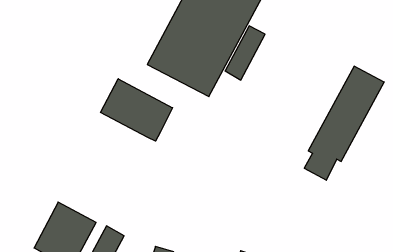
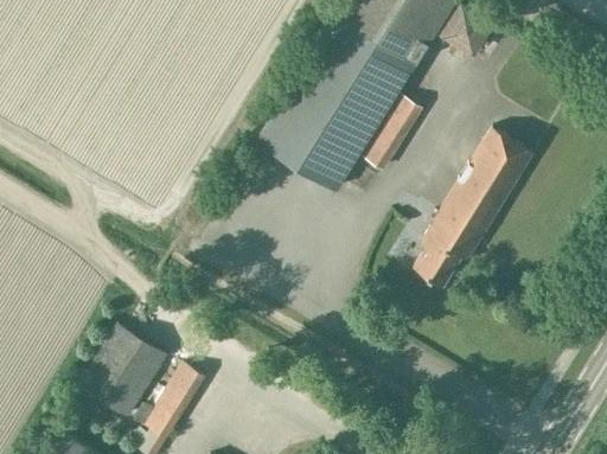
building: [304,66,384,180] -> [414,132,533,288]
building: [101,79,173,141] -> none

